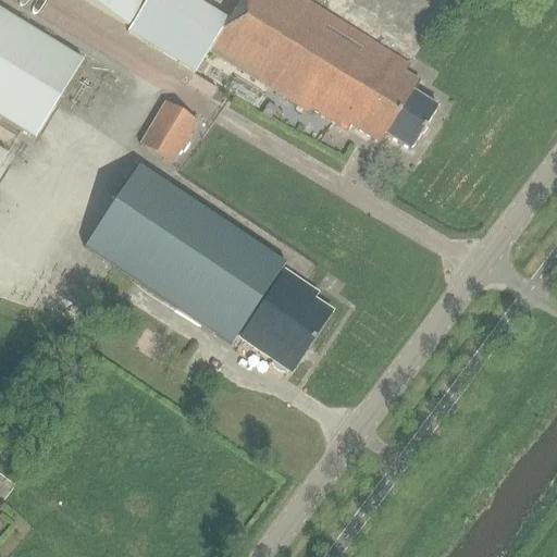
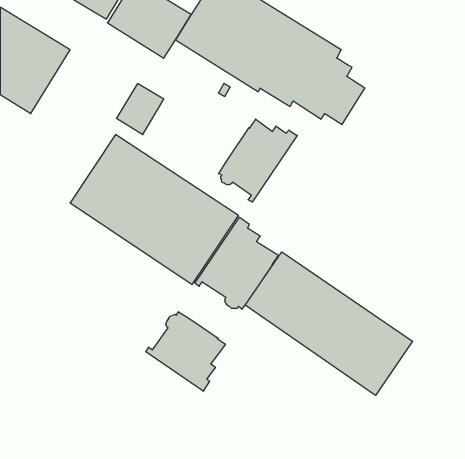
building: none -> [219,119,297,202]
building: none -> [245,252,413,395]
building: none -> [146,312,225,391]

